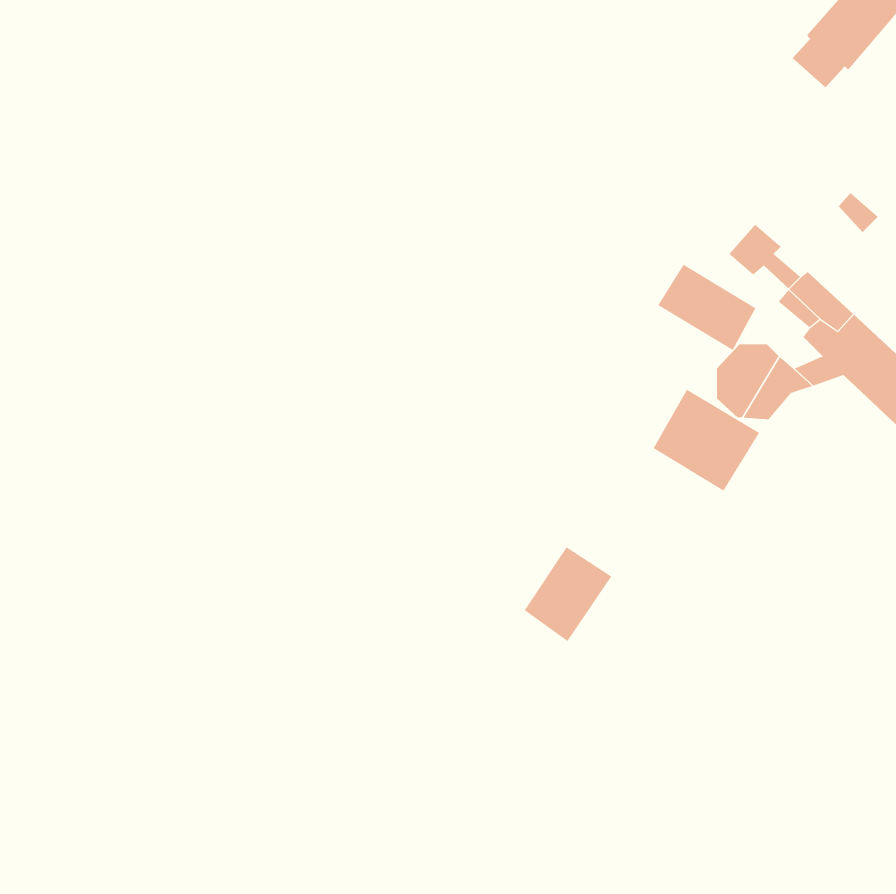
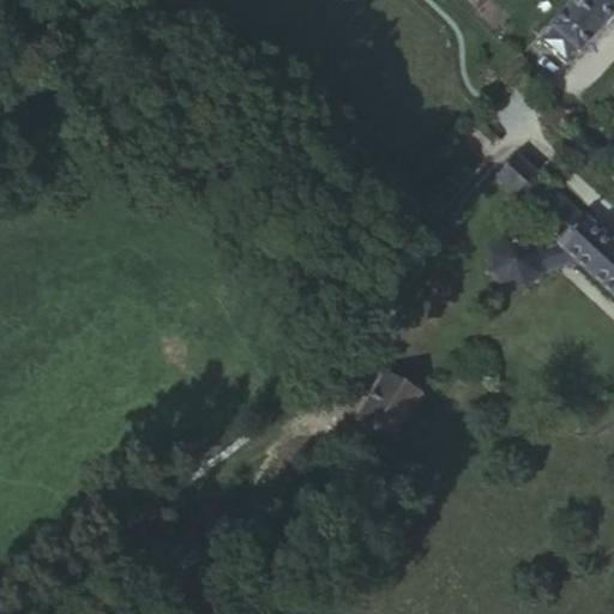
building: [658,264,756,351] -> none
building: [653,389,760,491] -> none

